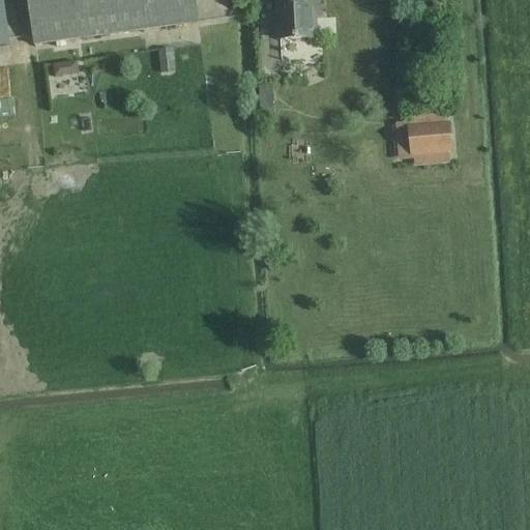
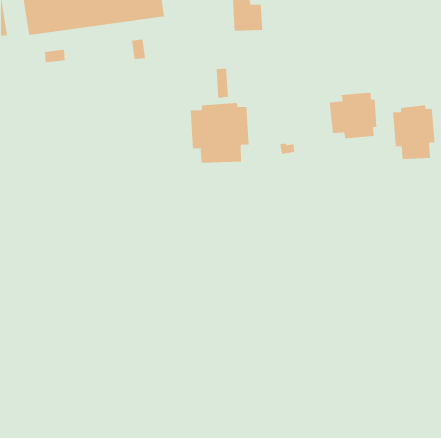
building: none -> [190,102,249,164]
building: none -> [393,104,435,160]

